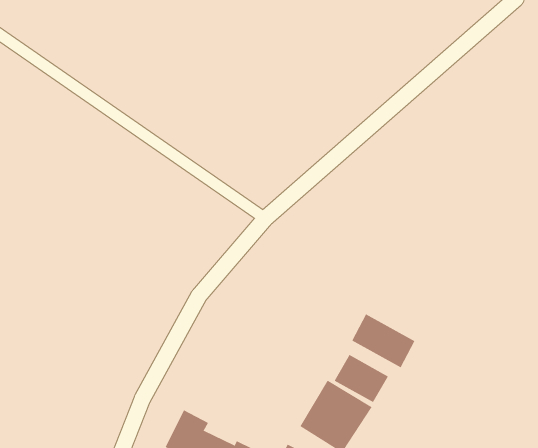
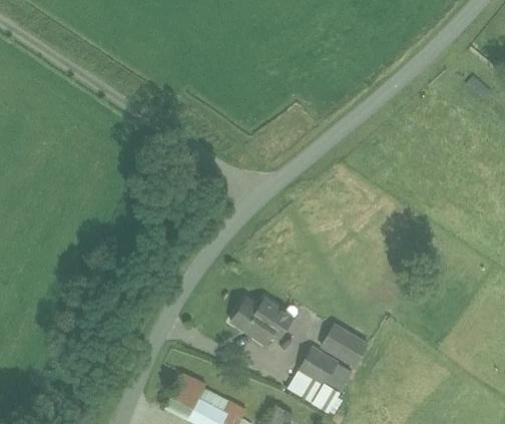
building: [351,313,415,368] -> none
building: none -> [231,299,290,345]

